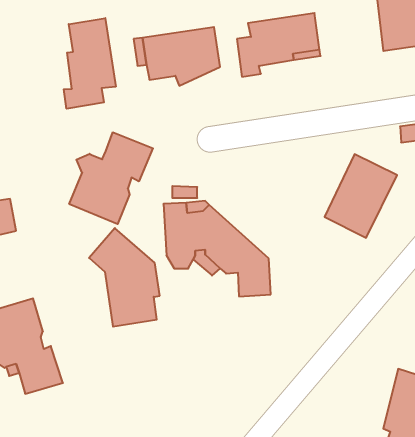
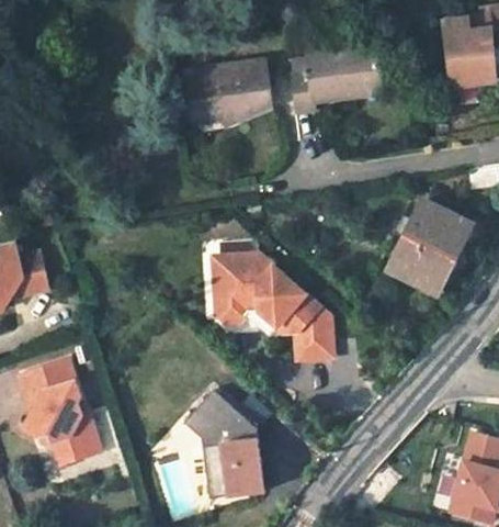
building: [64,18,116,109] -> none
building: [69,132,153,224] -> none
building: [89,228,160,327] -> [183,391,261,500]

